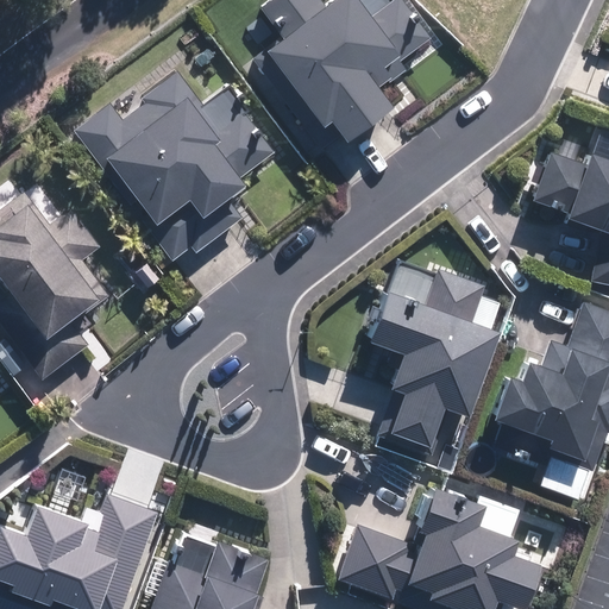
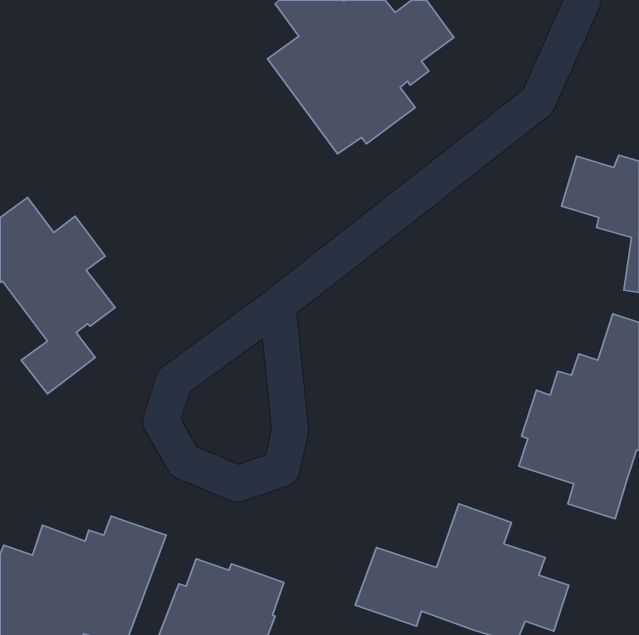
building: [76,73,277,260] -> none
building: [375,259,497,462] -> none

